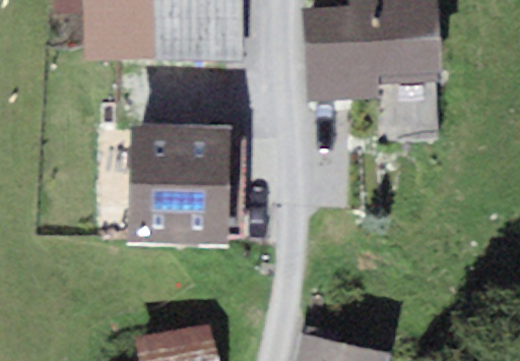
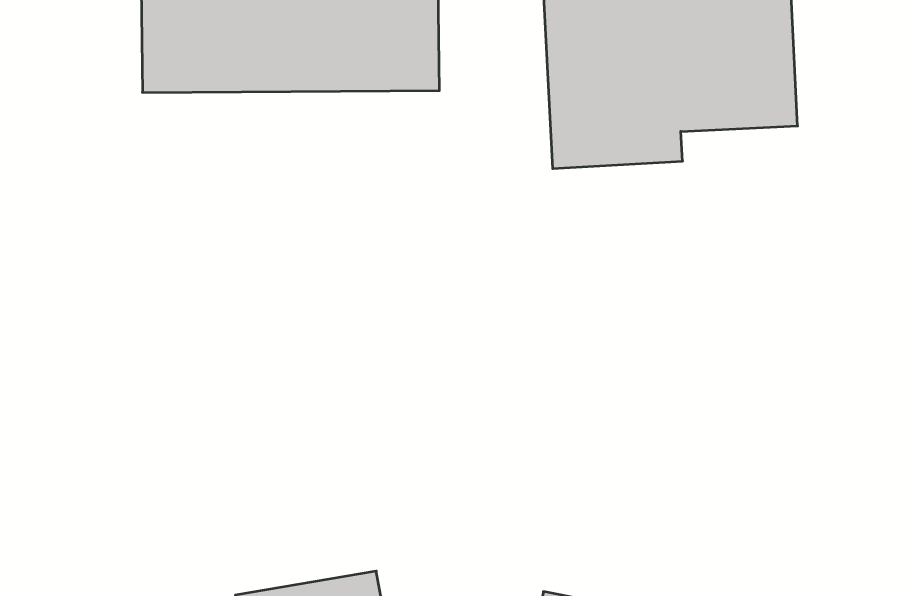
building: [130,126,231,243] -> none

